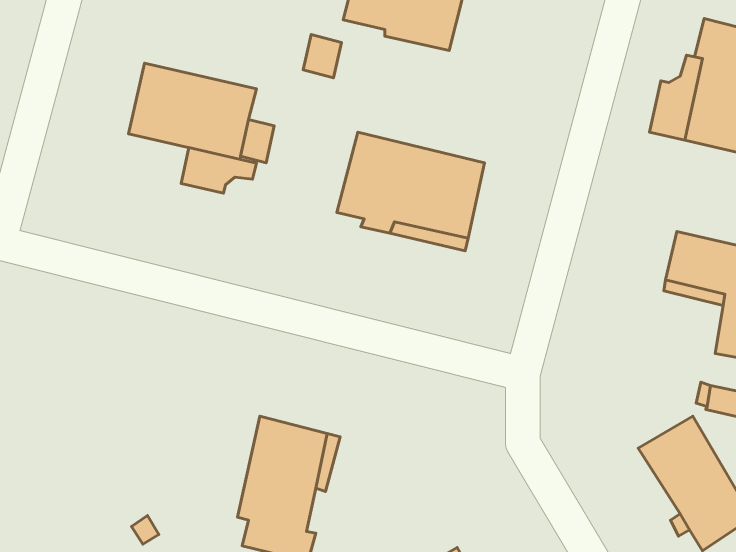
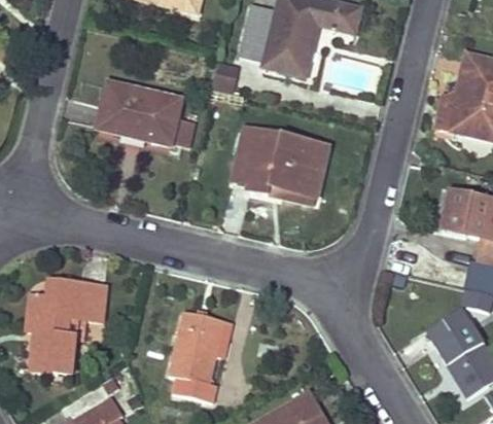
building: [181,148,257,193] -> none
building: none -> [28,281,105,374]

